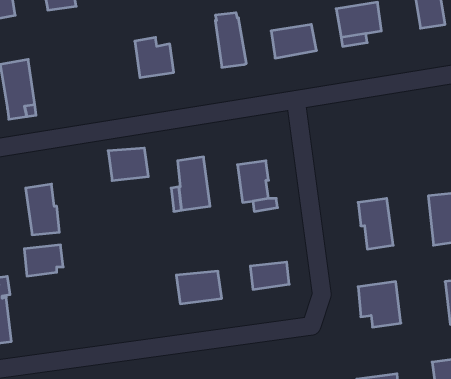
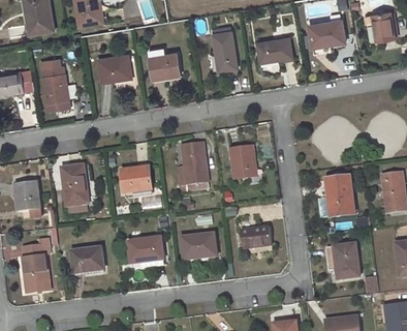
building: none -> [97,55,130,83]
building: [108,148,148,181] -> [120,168,152,193]
building: [24,245,63,276] -> [71,248,102,273]
building: none -> [127,237,163,264]

